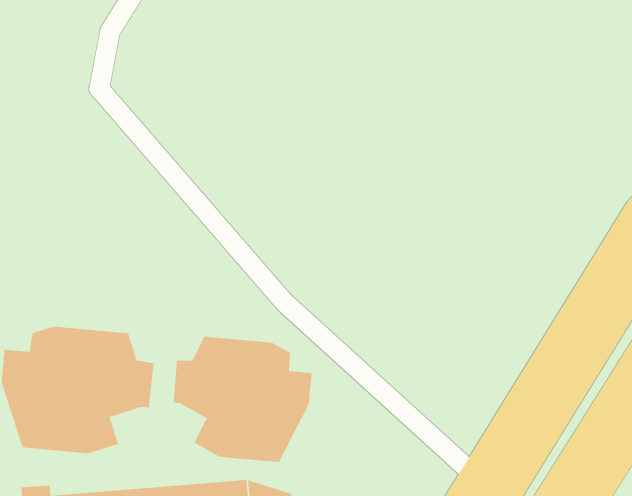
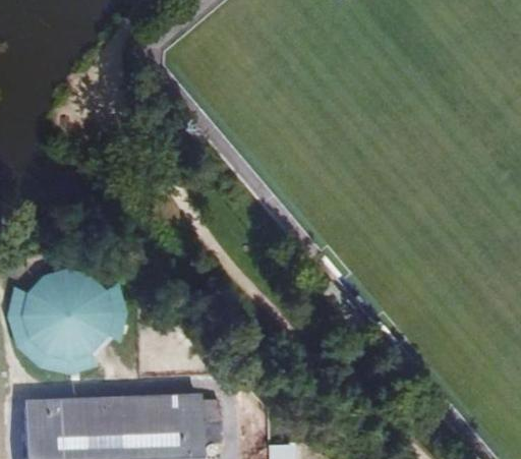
building: [173,336,312,463] -> none

